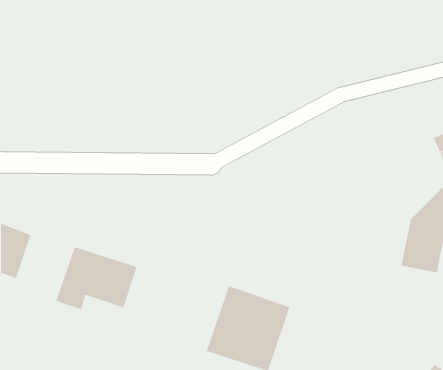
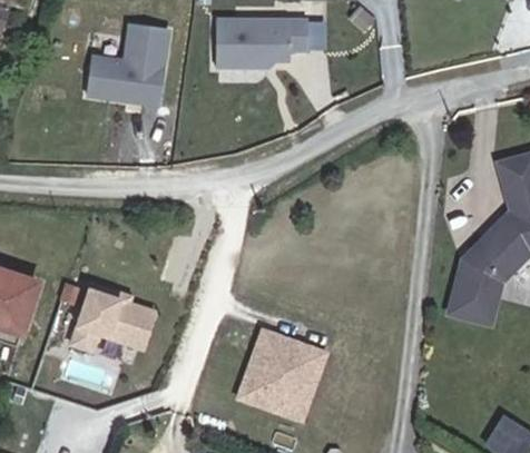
building: none -> [213,18,307,71]
building: none -> [85,27,167,107]

